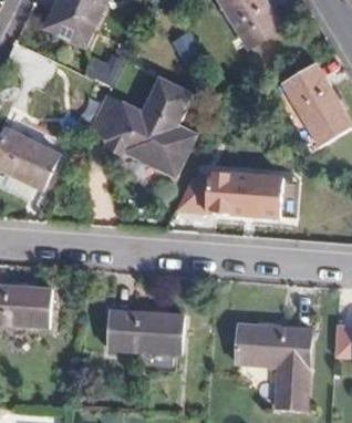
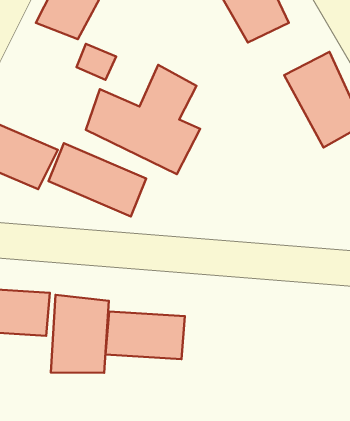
building: none -> [49,143,146,217]
building: [198,165,273,209] -> none
building: none -> [51,295,109,373]
building: [235,321,312,406] -> none

